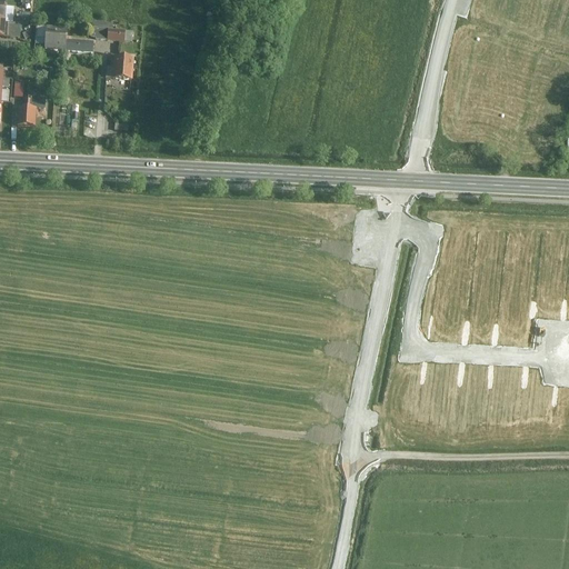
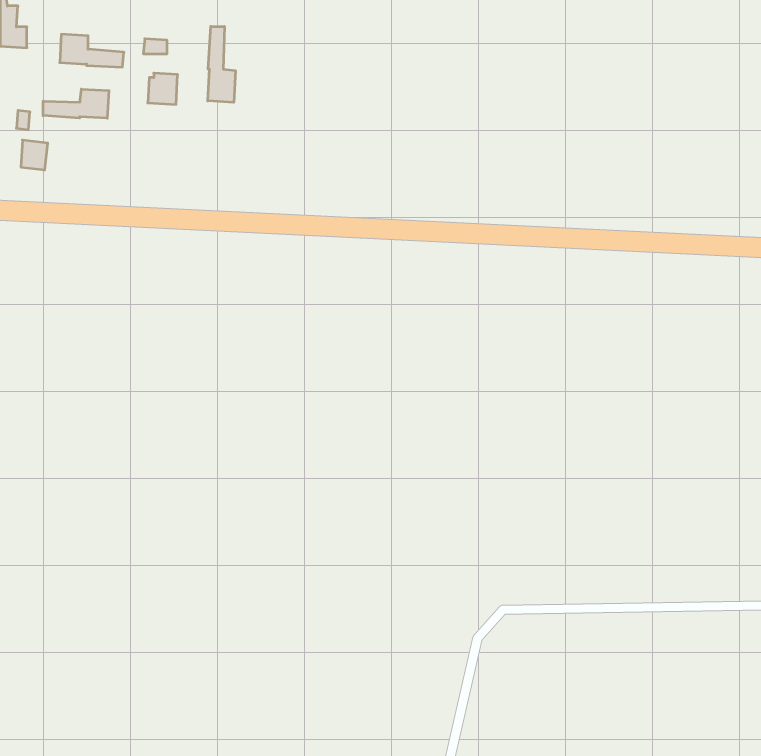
building: none -> [208,26,235,102]
building: none -> [43,89,109,118]

